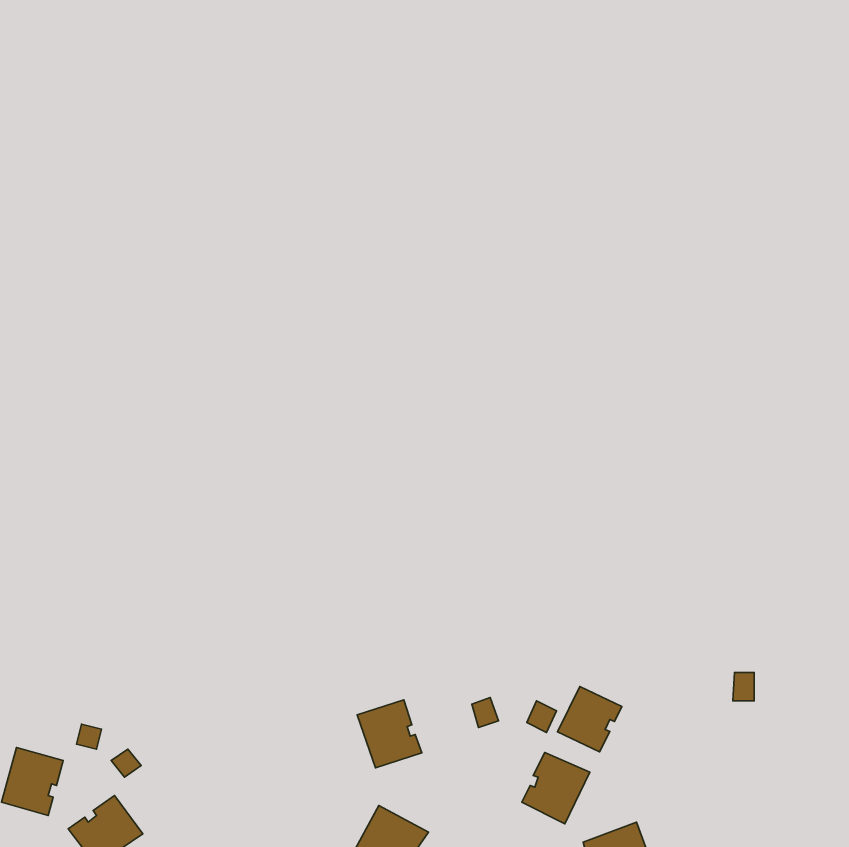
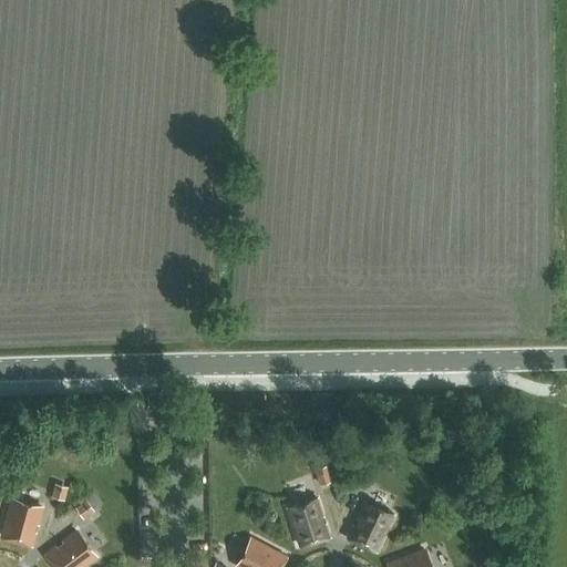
building: [558,687,622,752] -> none
building: [357,700,422,768] -> [287,499,330,545]

